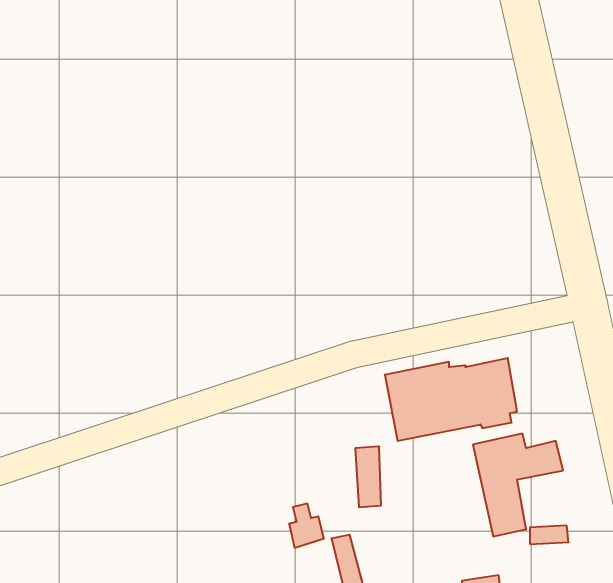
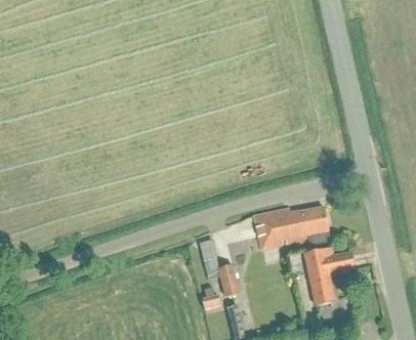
building: none -> [199,238,239,295]

